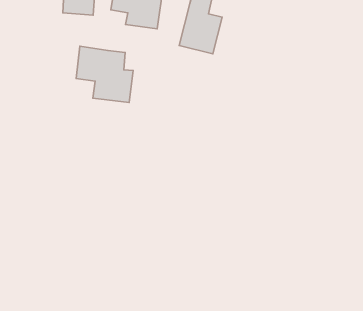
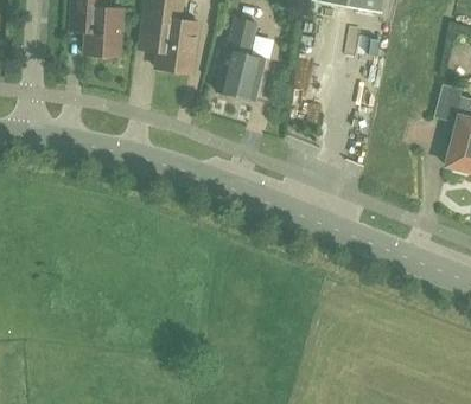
building: [76,46,133,103] -> none

